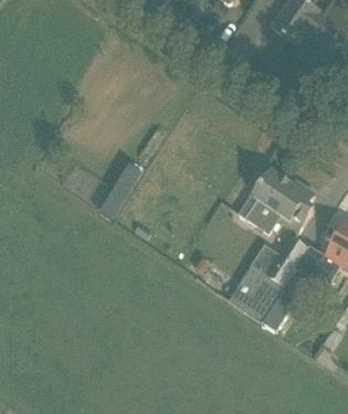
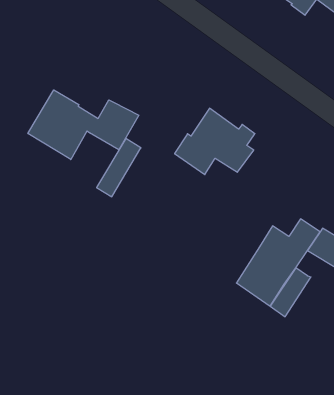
building: none -> [28,90,139,160]
building: [238,168,314,231] -> [175,108,255,175]

